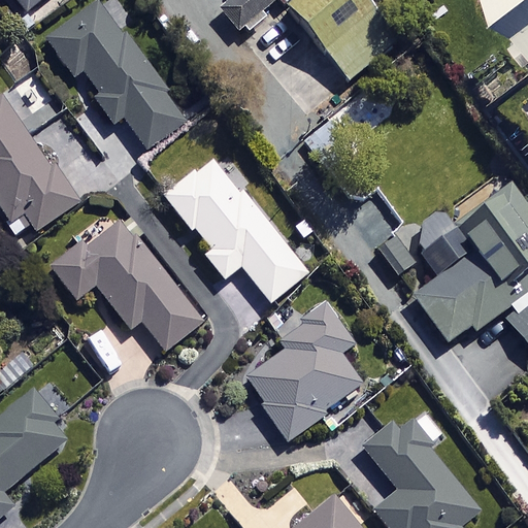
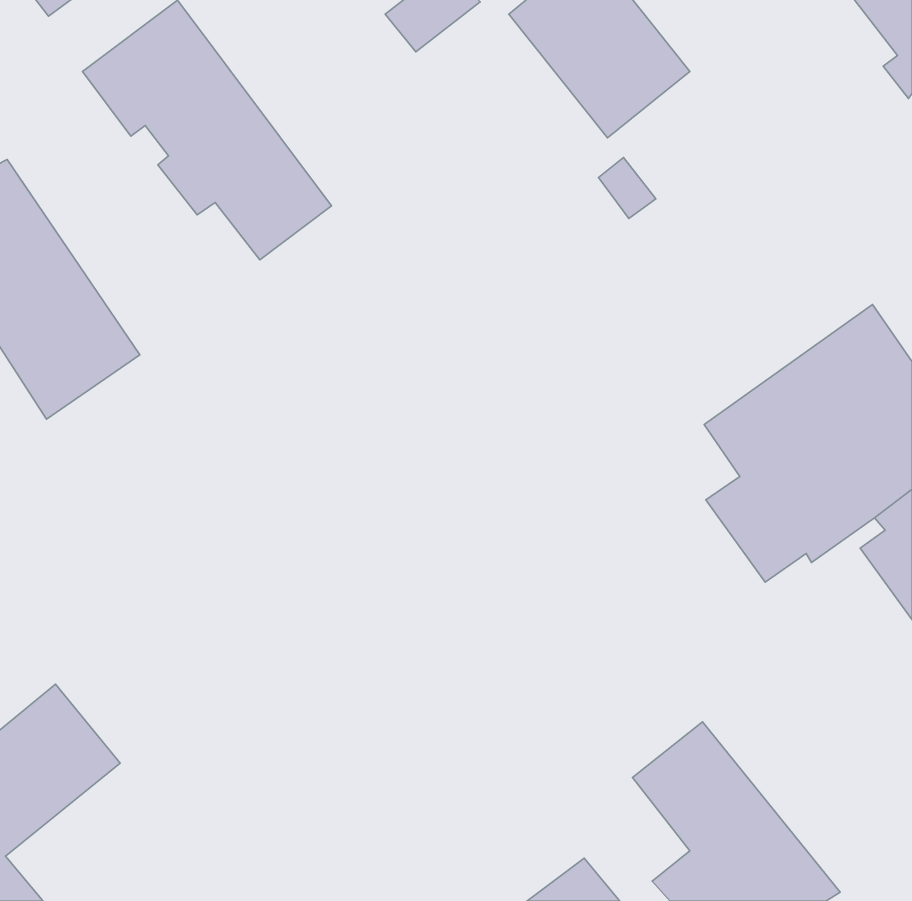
building: [166,156,308,301] -> none
building: [56,218,203,352] -> none
building: [245,303,364,439] -> none

